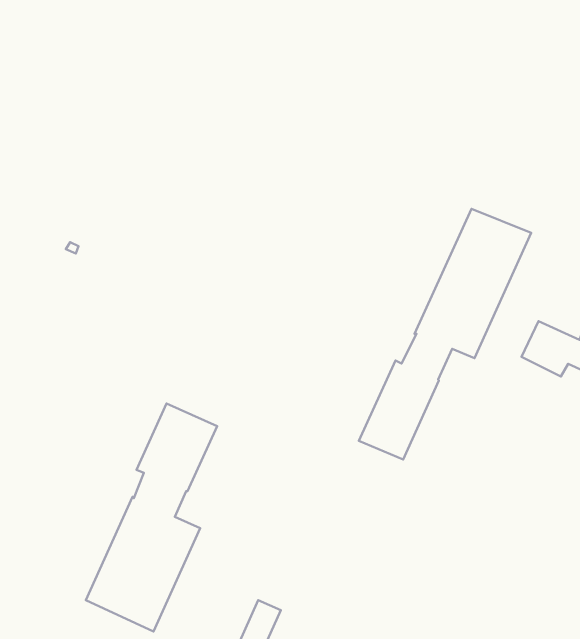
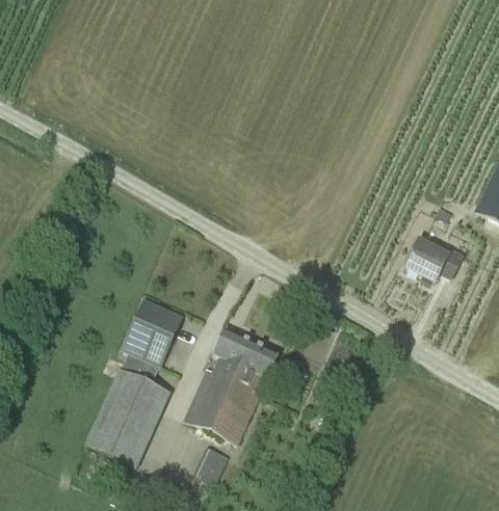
building: [359,209,531,460] -> none
building: none -> [184,327,279,442]

